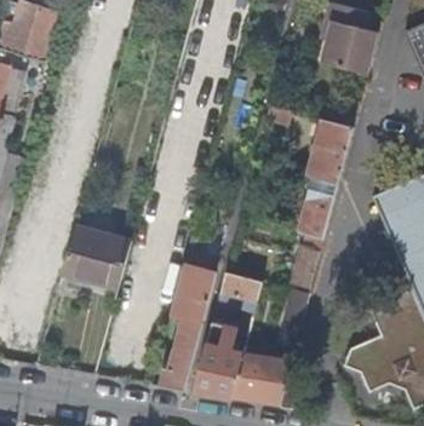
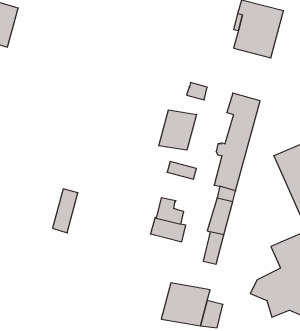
building: none -> [159,110,197,150]
building: [62,226,111,284] -> none
building: [159,252,219,390] -> none
building: [194,320,245,397] -> none

